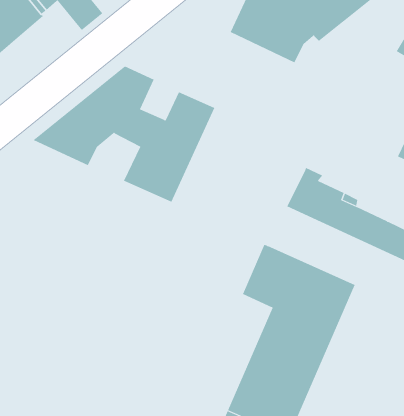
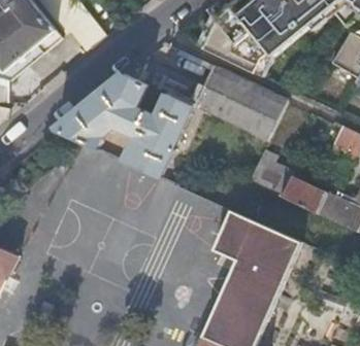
building: none -> [125,56,288,141]

